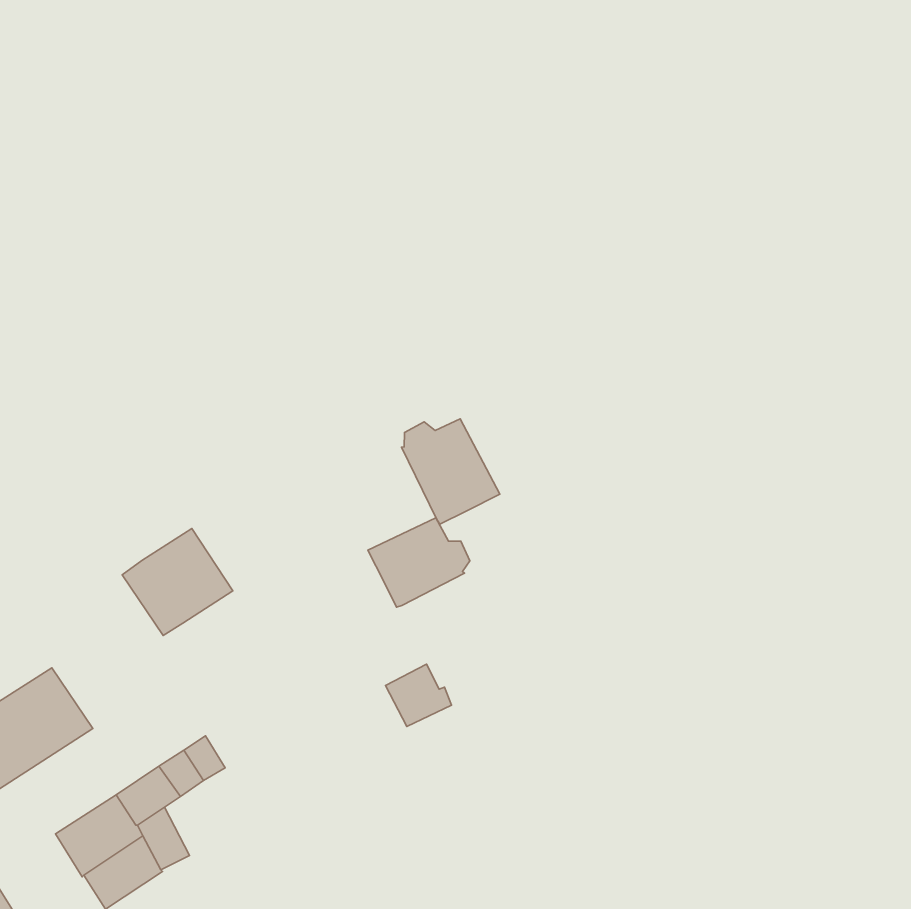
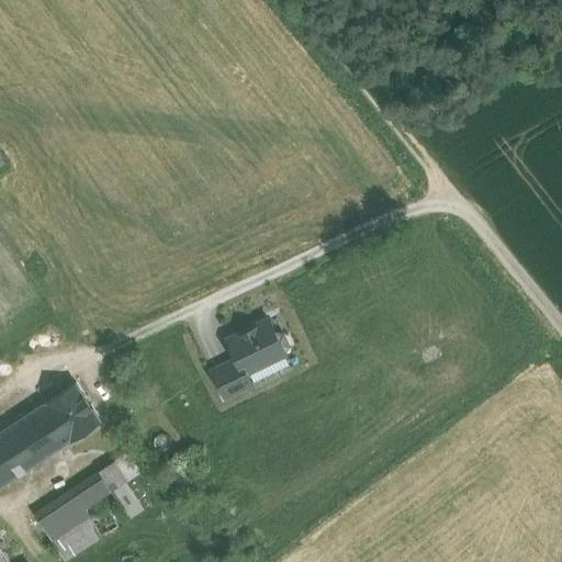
building: [401,419,500,524] -> none
building: [122,528,233,636] -> [32,384,100,450]
building: [385,664,452,727] -> [211,360,251,398]

